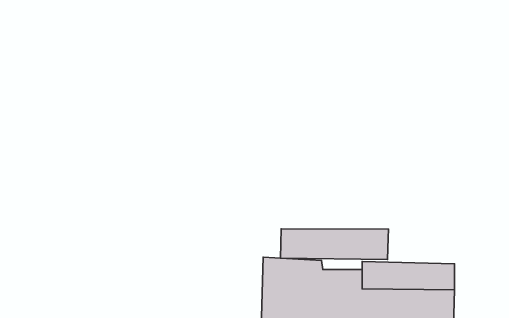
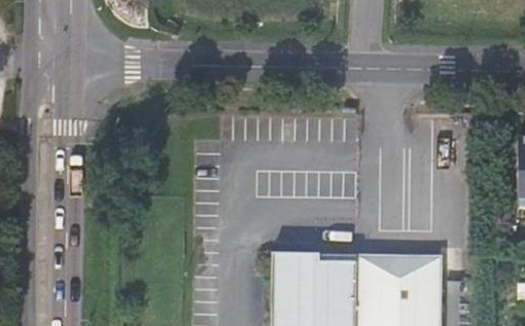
building: [280,229,388,259] -> none

